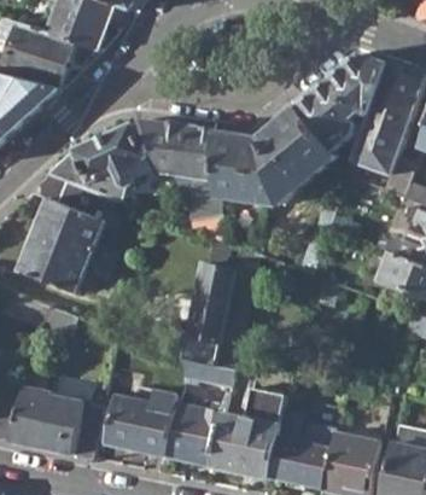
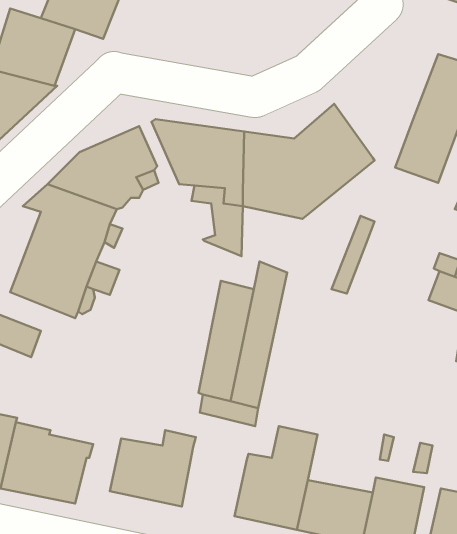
building: [298,53,389,153] -> none
building: [165,406,222,466] -> none

